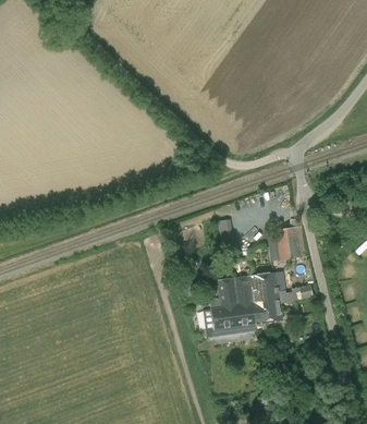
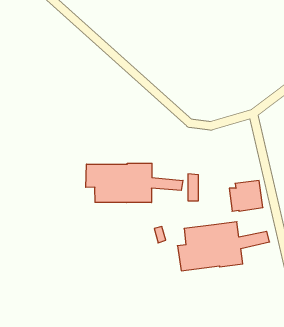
building: none -> [86,163,183,203]

